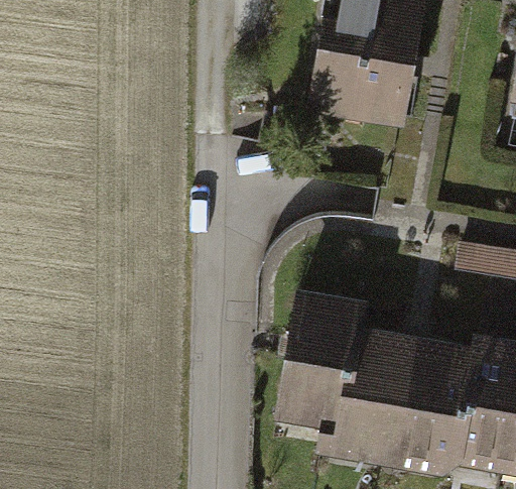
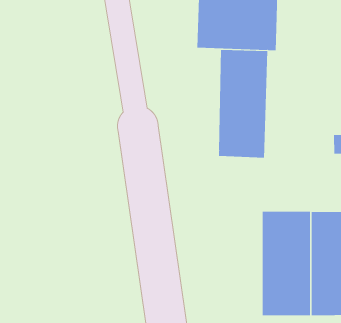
building: none -> [218,49,268,158]
building: [277,291,362,426] -> none

